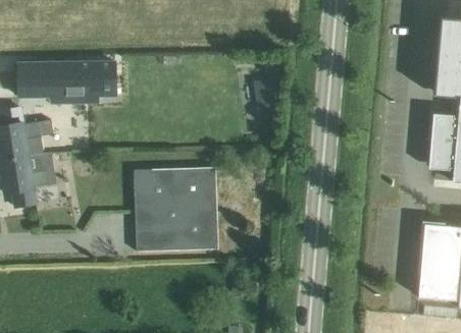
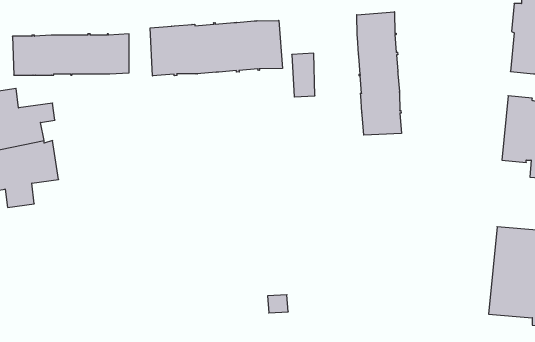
building: none -> [357,12,401,135]
building: none -> [150,20,282,76]
building: [134,167,218,253] -> none

